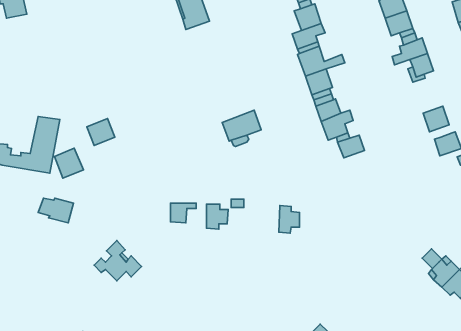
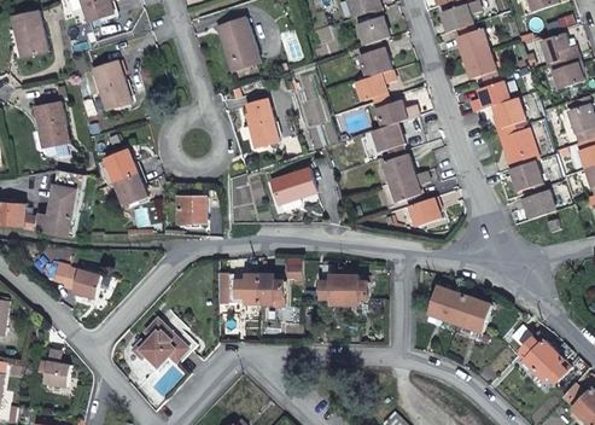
building: none -> [93,62,129,110]
building: none -> [36,100,70,146]
building: none -> [247,109,281,147]
building: none -> [500,127,533,167]
building: none -> [182,196,211,222]
building: [55,148,84,178] -> [107,147,141,182]
building: none -> [233,272,257,301]
building: none -> [319,273,343,305]
building: none -> [426,286,489,333]
building: none -> [35,354,68,394]

